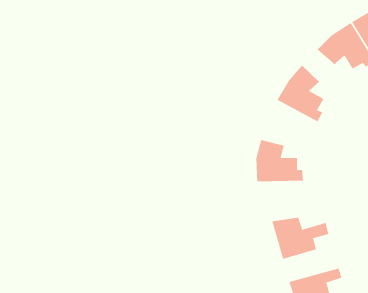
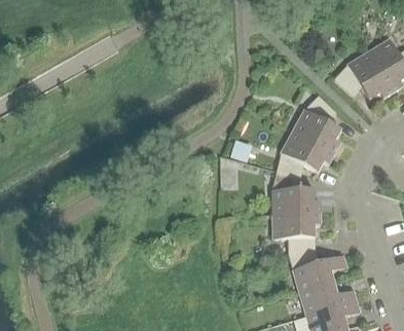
building: none -> [276,130,334,176]
building: none -> [271,212,320,253]
building: none -> [298,282,356,315]

